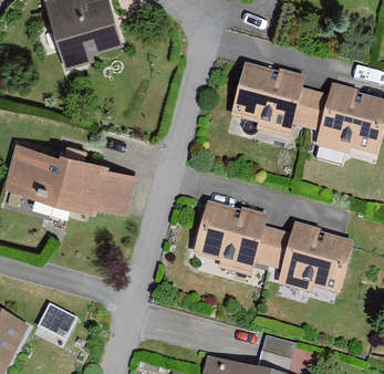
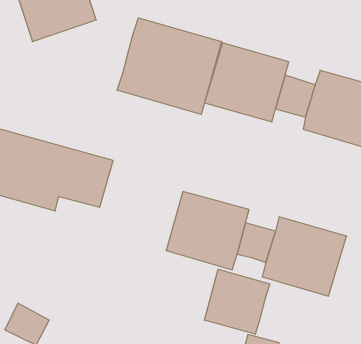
building: none -> [117,18,221,114]
building: none -> [204,269,270,334]

